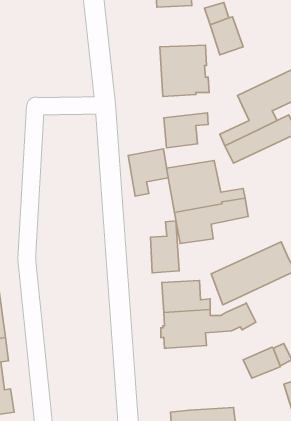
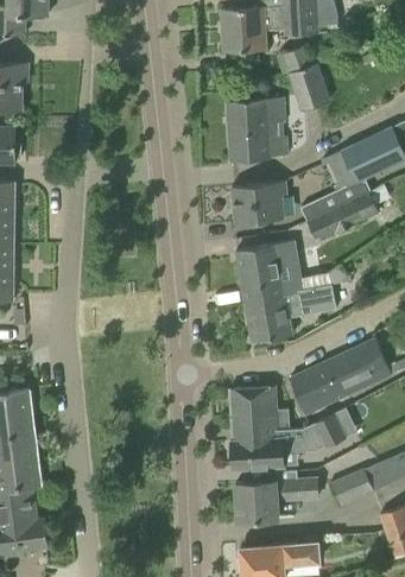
building: [128,149,168,196] -> none
building: [150,221,179,273] -> none
building: none -> [235,476,316,522]

